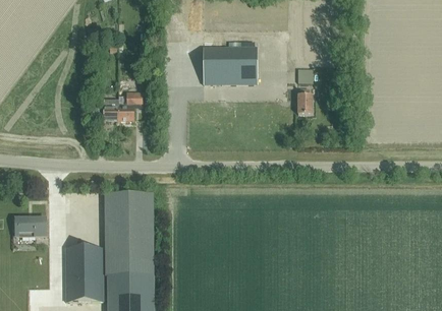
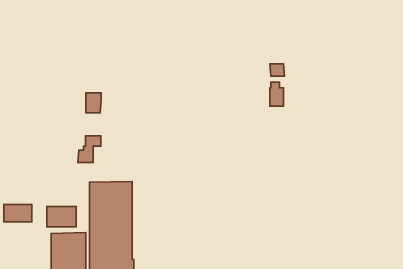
building: [204,46,258,83] -> none
building: [118,91,143,120] -> [78,136,101,163]
building: none -> [47,207,76,227]

